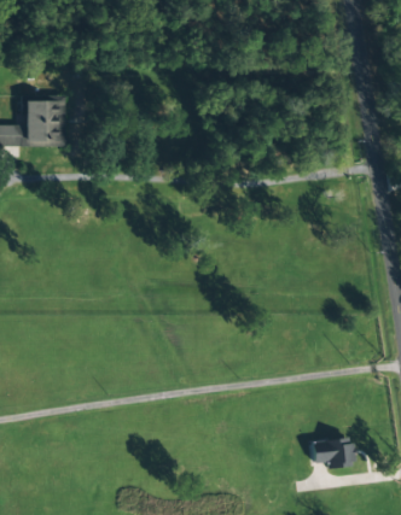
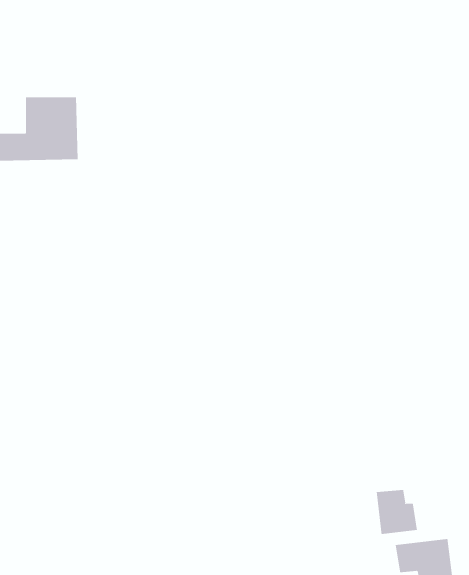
building: none -> [376,489,417,535]

